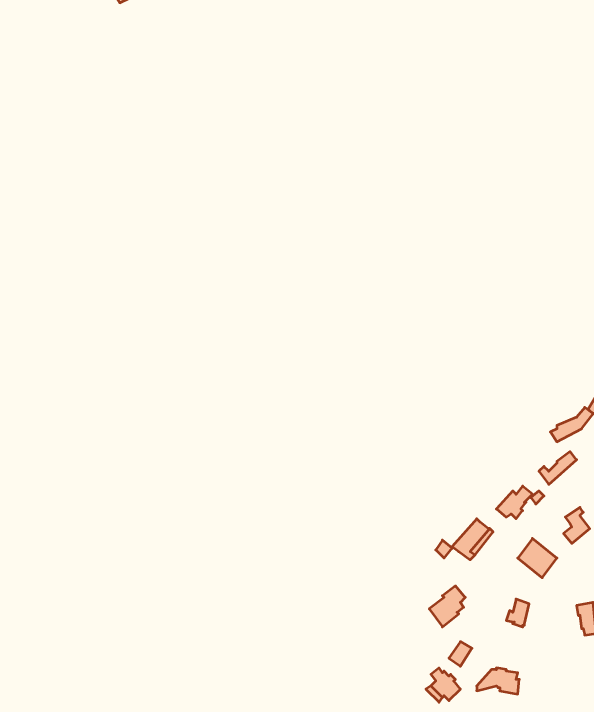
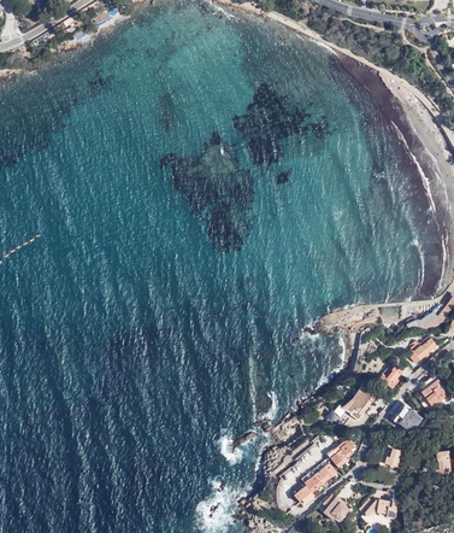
building: none -> [291,459,335,503]

